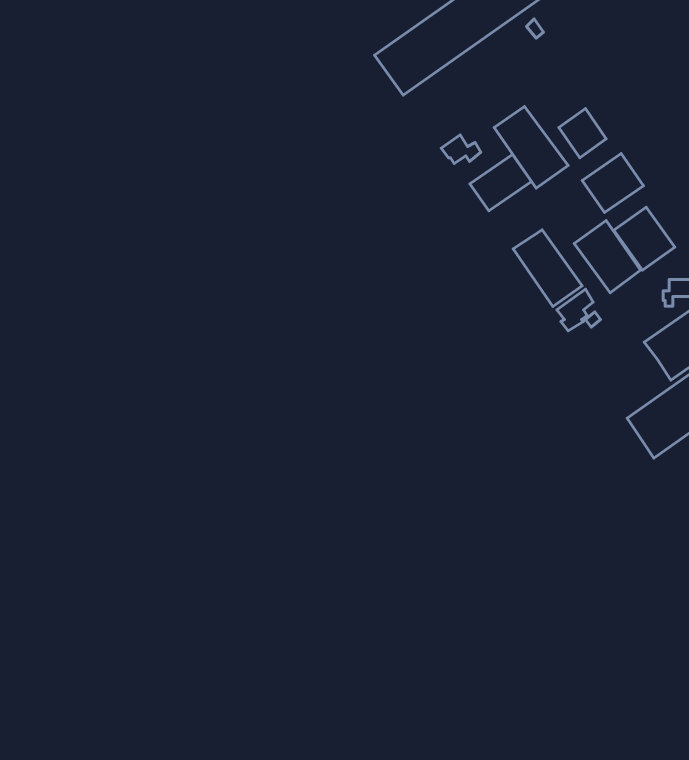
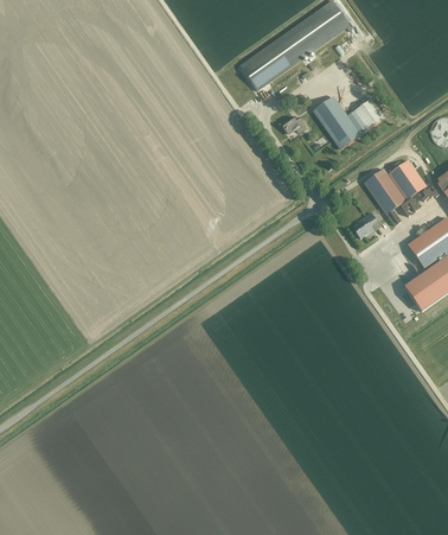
building: [582,154,644,213] -> none
building: [470,155,531,211] -> none
building: [513,230,582,306] -> none

